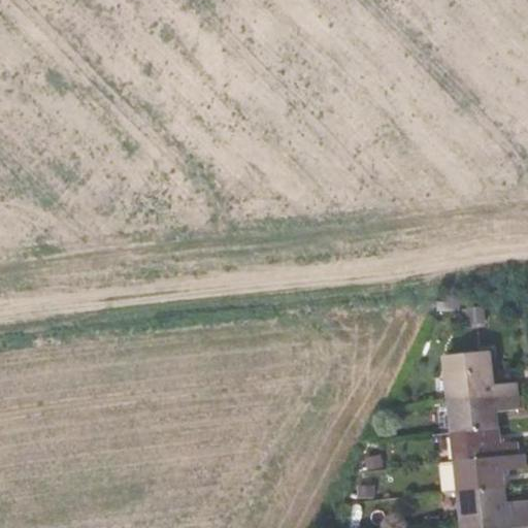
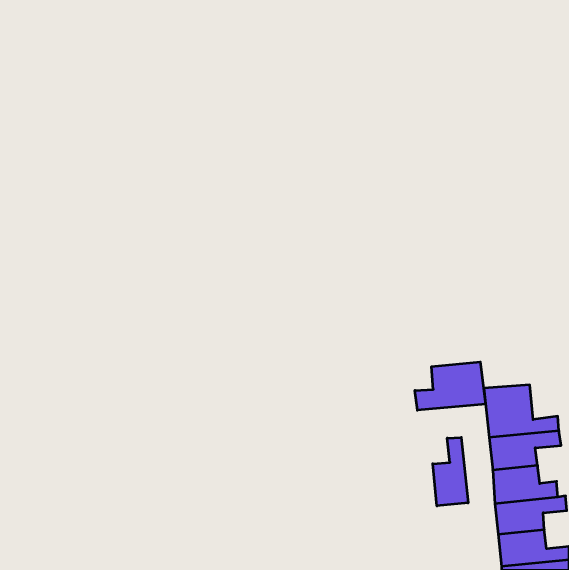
building: none -> [415,362,486,410]
building: none -> [433,437,468,506]

